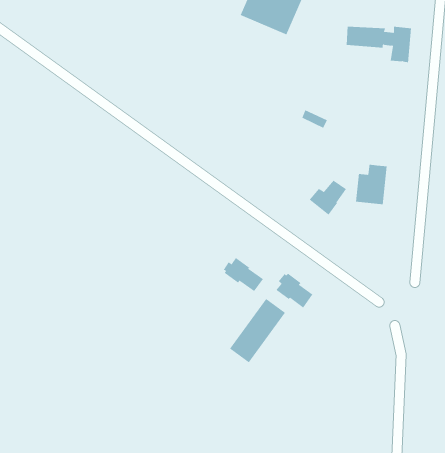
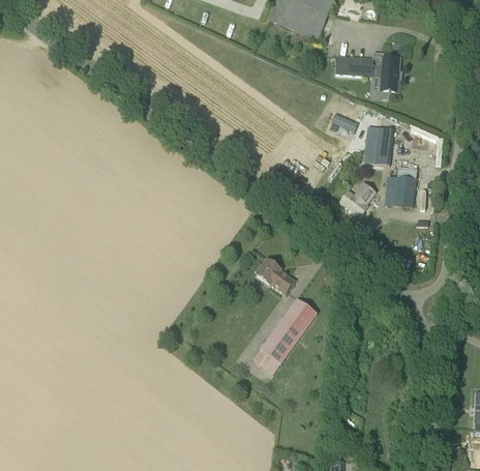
building: [346,26,412,63] -> [335,55,400,91]
building: none -> [363,126,395,165]
building: [276,273,313,308] -> none

